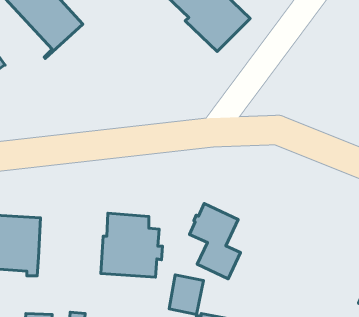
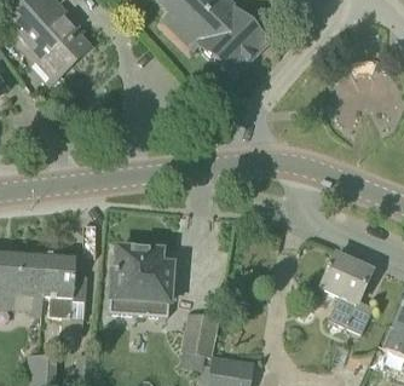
building: [189,204,241,279] -> [319,254,374,334]
building: none -> [42,253,87,317]

